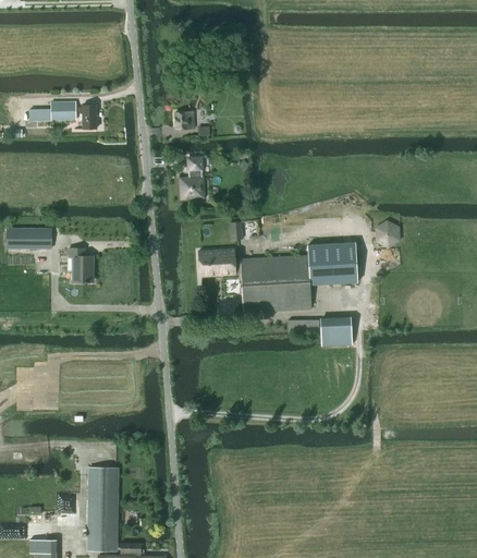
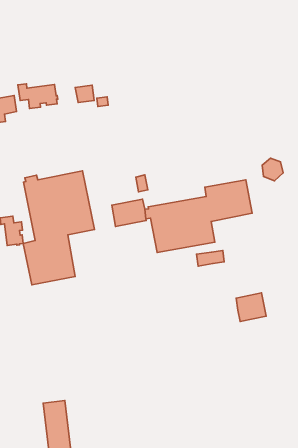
building: none -> [18,84,58,108]
building: [181,157,203,198] -> none
building: none -> [23,171,94,285]
building: [320,316,352,345] -> [236,293,266,321]

